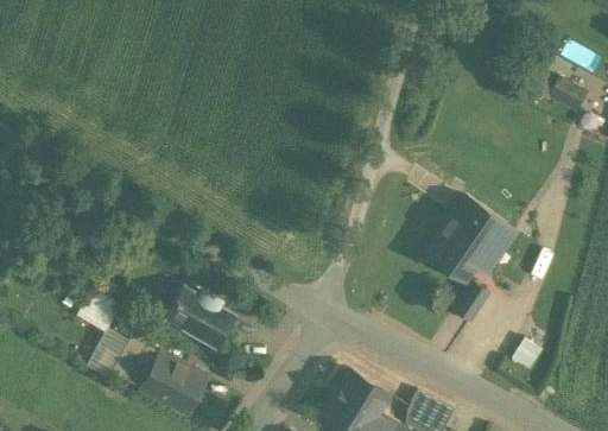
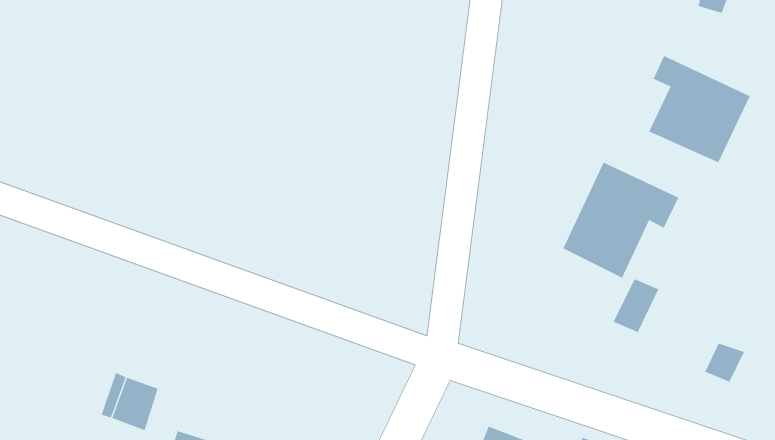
building: none -> [649,55,750,163]
building: [165,285,236,350] -> none

